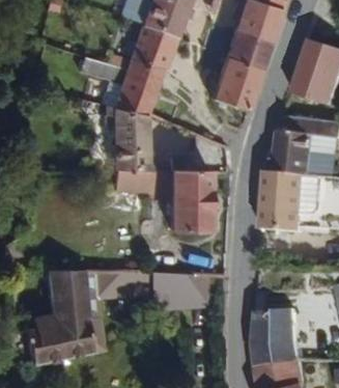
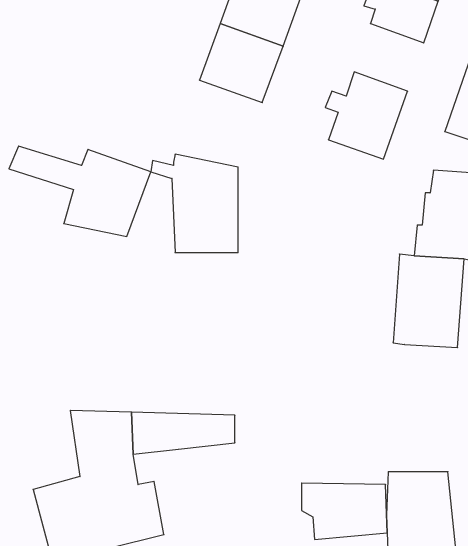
building: [229,22,274,65] -> none
building: [79,56,170,114] -> [9,146,151,236]
building: [114,169,222,230] -> none
building: [152,274,207,310] -> [302,483,387,539]

